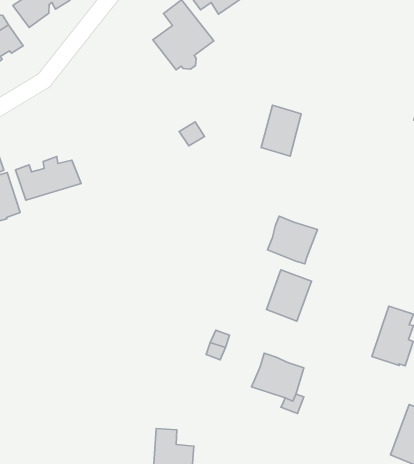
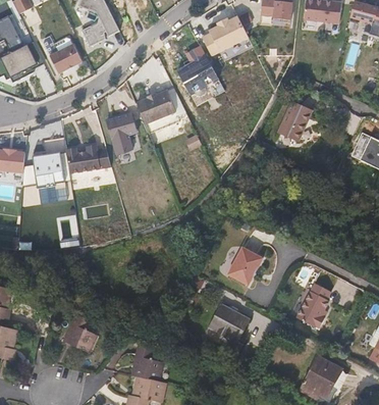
building: none -> [137,90,175,123]
building: none -> [106,111,136,152]
building: [261,105,301,156] -> [280,101,312,139]
building: [268,216,318,264] -> none
building: none -> [63,313,97,352]

